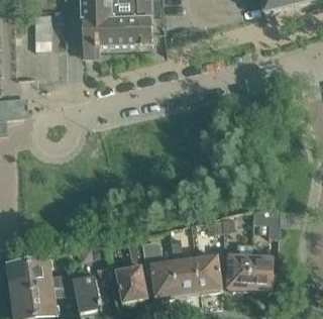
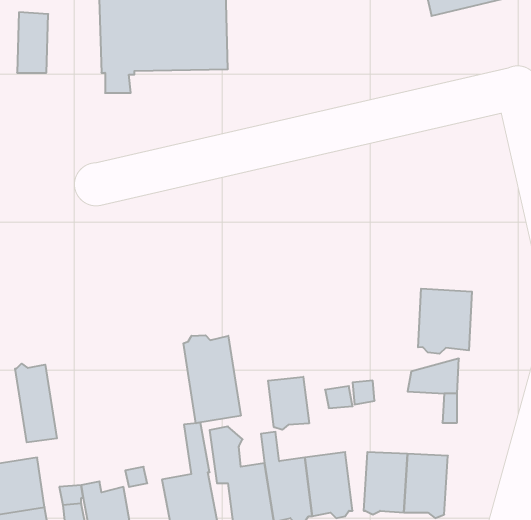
building: none -> [418,289,472,354]
building: none -> [183,335,241,423]
building: none -> [15,364,57,442]
building: none -> [268,377,309,430]

